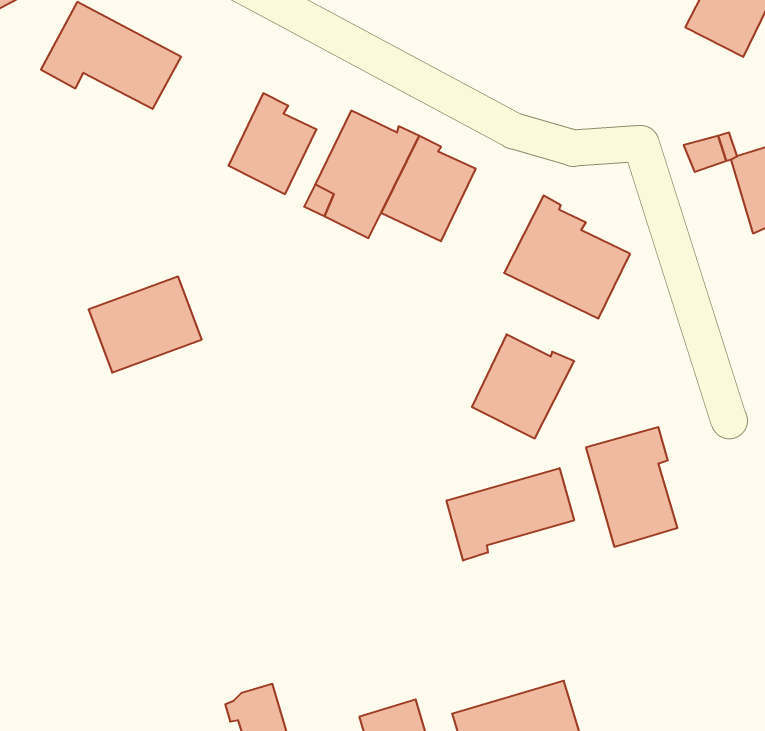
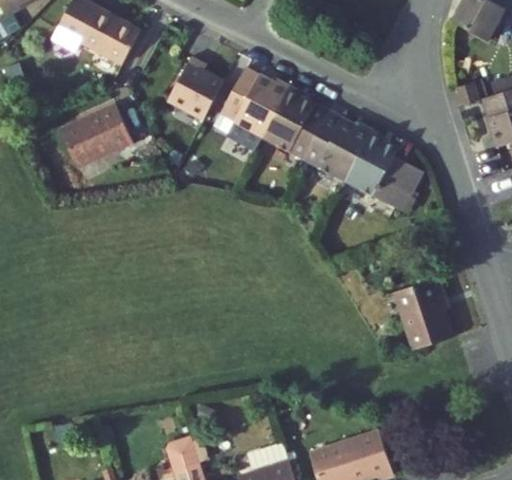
building: [88,277,202,373] -> [56,108,128,169]
building: [472,334,574,438] -> [300,108,365,174]
building: [447,468,574,561] -> none

